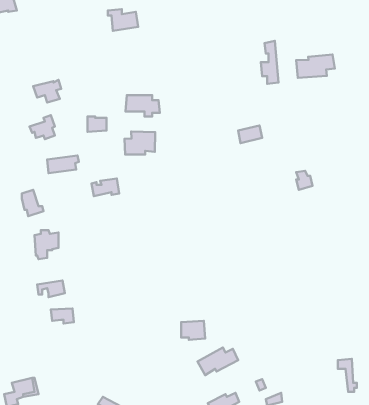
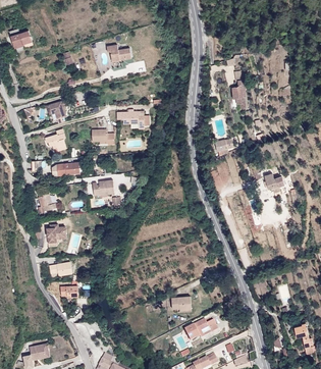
building: [296,55,335,78] -> none
building: [124,131,155,154] -> none

